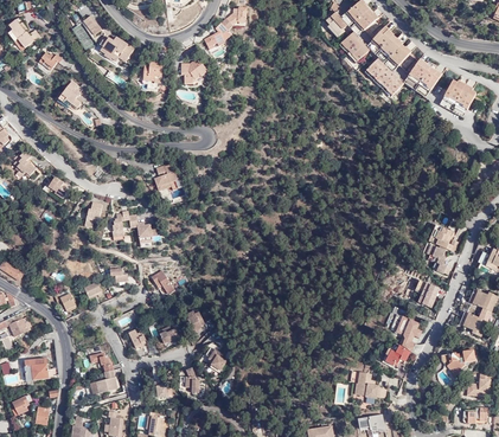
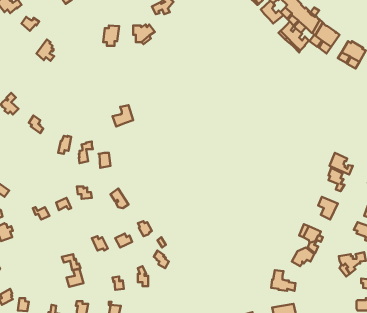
building: [101,36,134,62] -> none
building: [24,356,56,380] -> none

